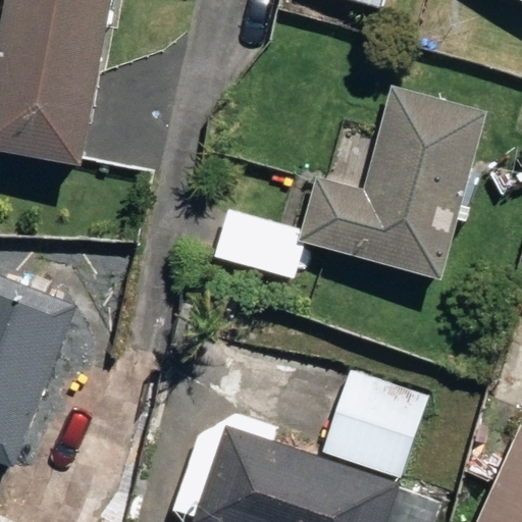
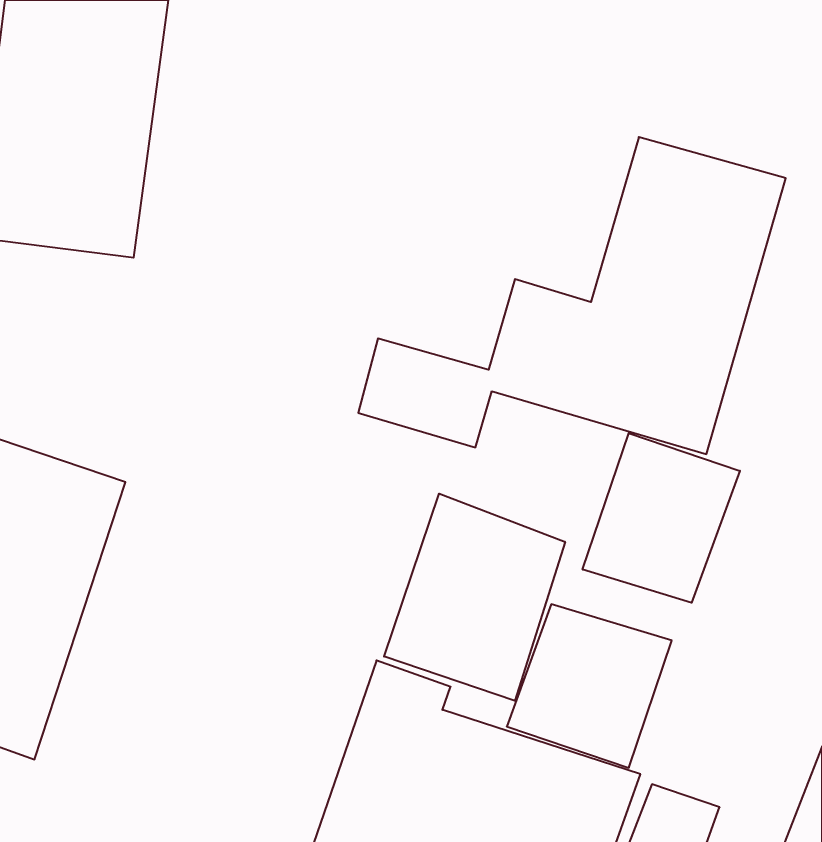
building: none -> [583,433,740,603]
building: none -> [384,494,565,701]

